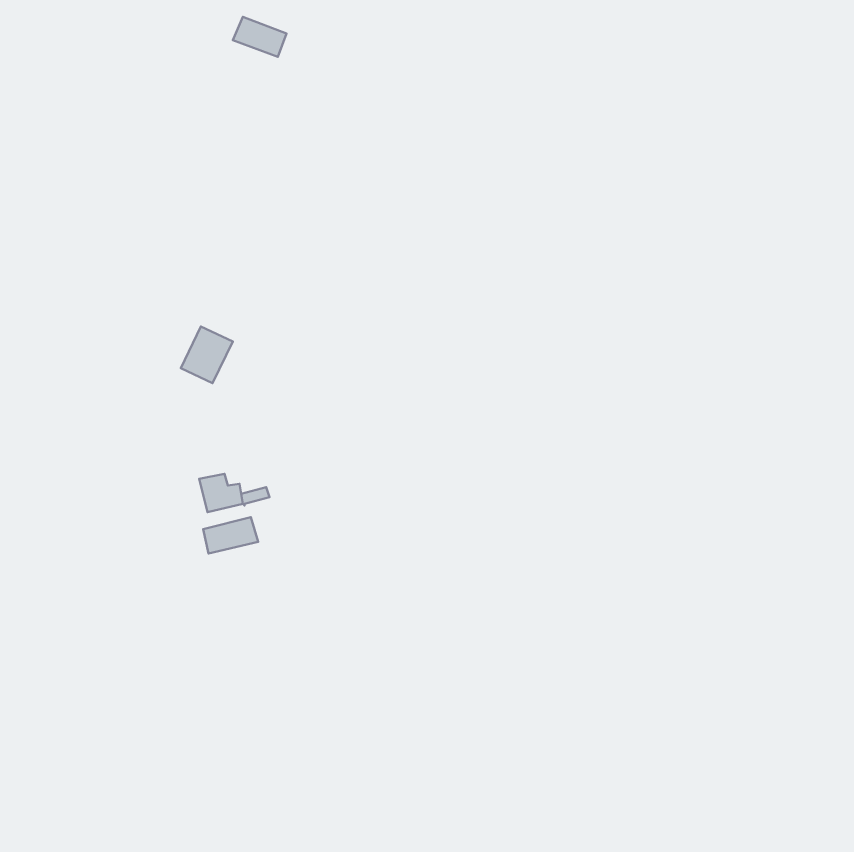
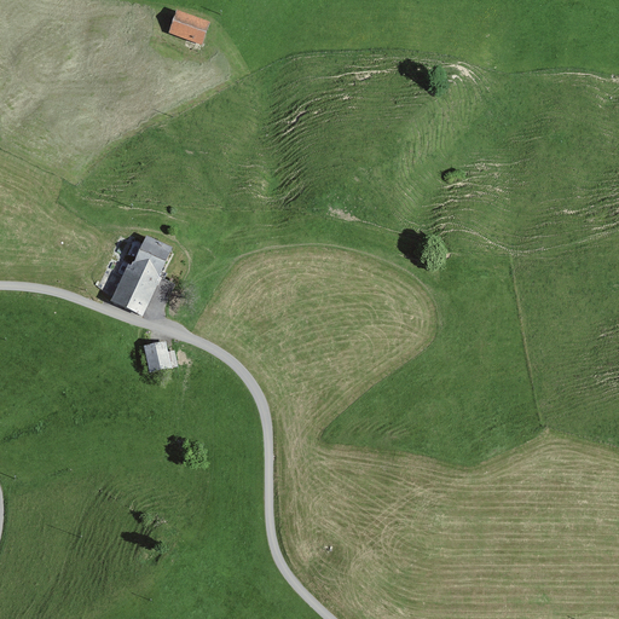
building: none -> [112,265,156,313]
building: [203,517,258,554] -> none

